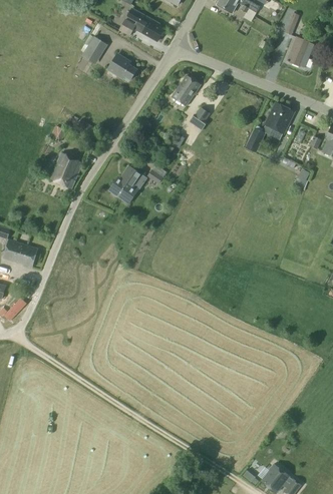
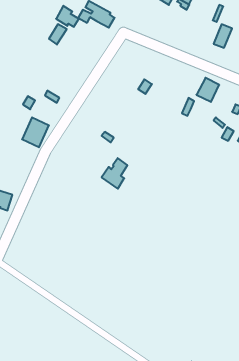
building: [108,54,136,80] -> [56,6,79,27]
building: [171,75,201,106] -> none
building: [108,165,140,203] -> [102,158,127,189]

